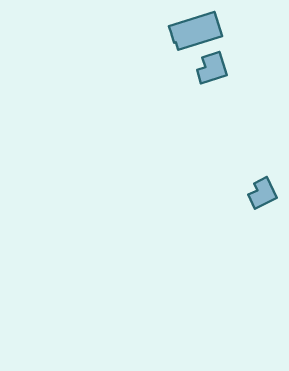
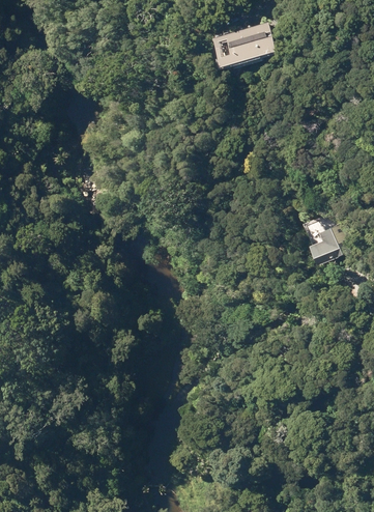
building: [197,52,227,84] -> none

